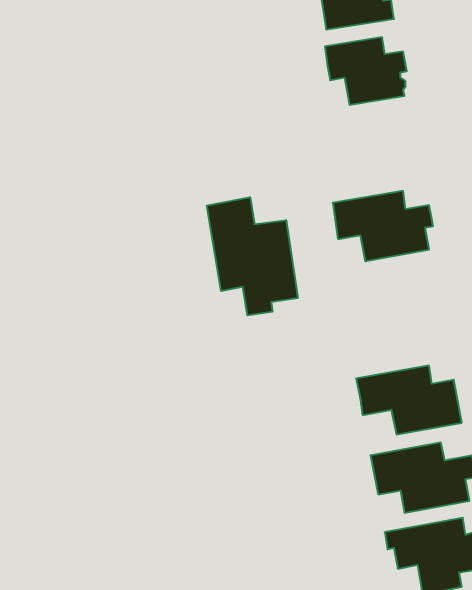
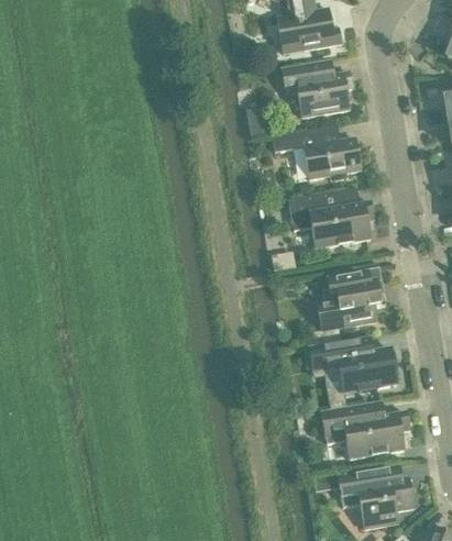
building: none -> [272,129,360,178]
building: [207,197,298,315] -> none
building: none -> [317,267,385,331]

